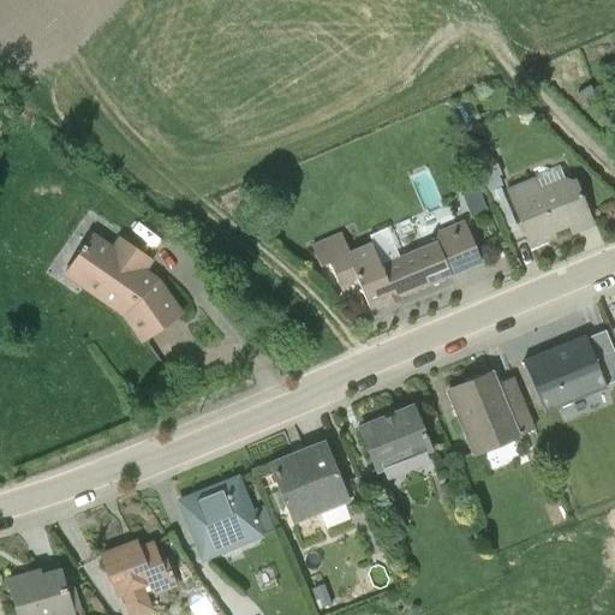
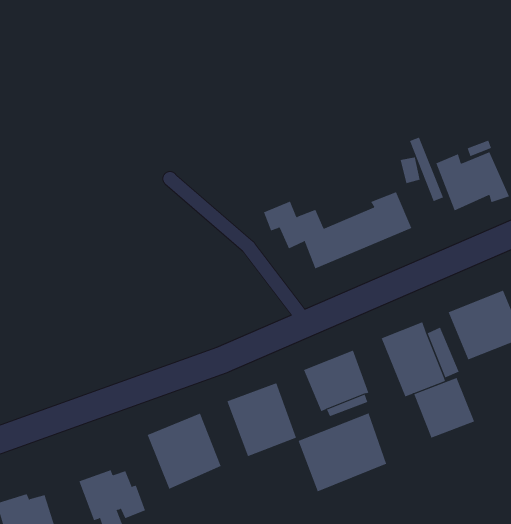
building: [64,231,186,341] -> none
building: none -> [413,377,475,439]
building: none -> [298,412,387,492]

